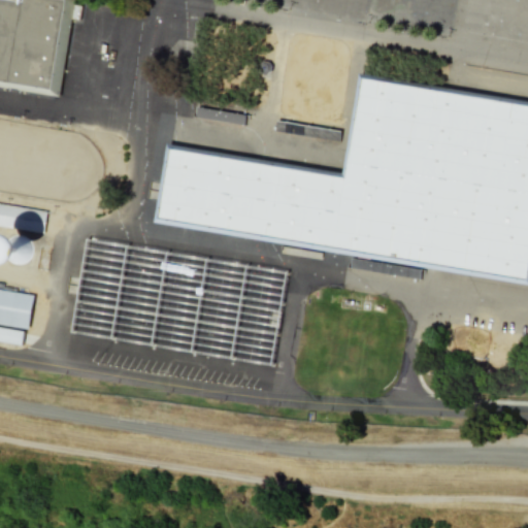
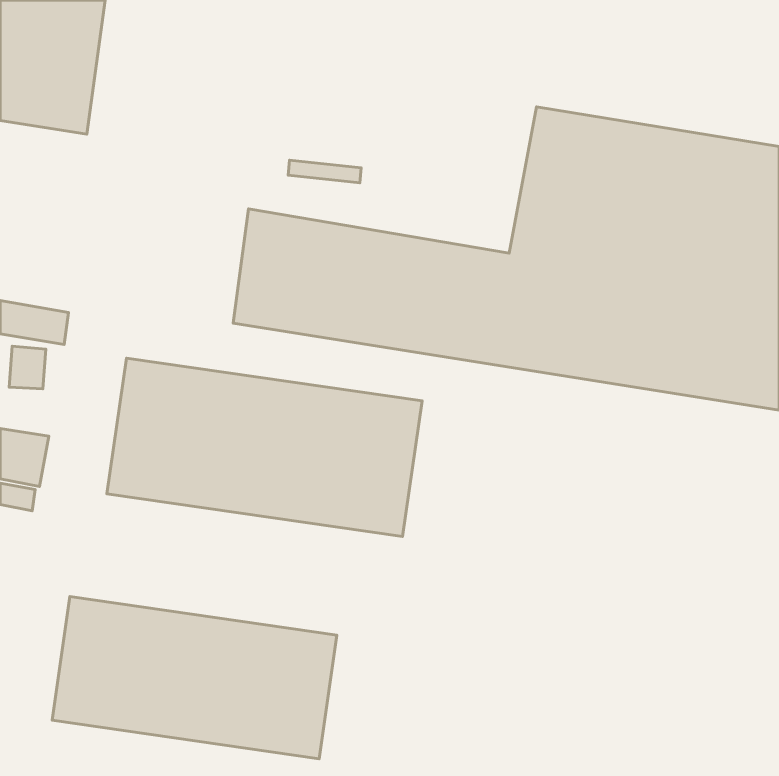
building: none -> [52,597,337,759]

